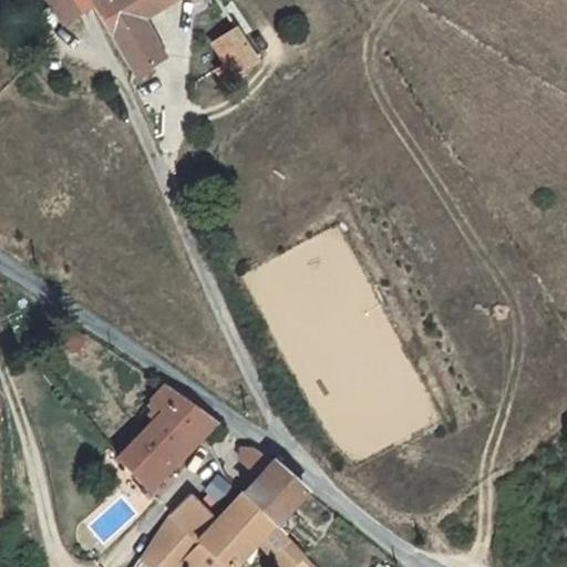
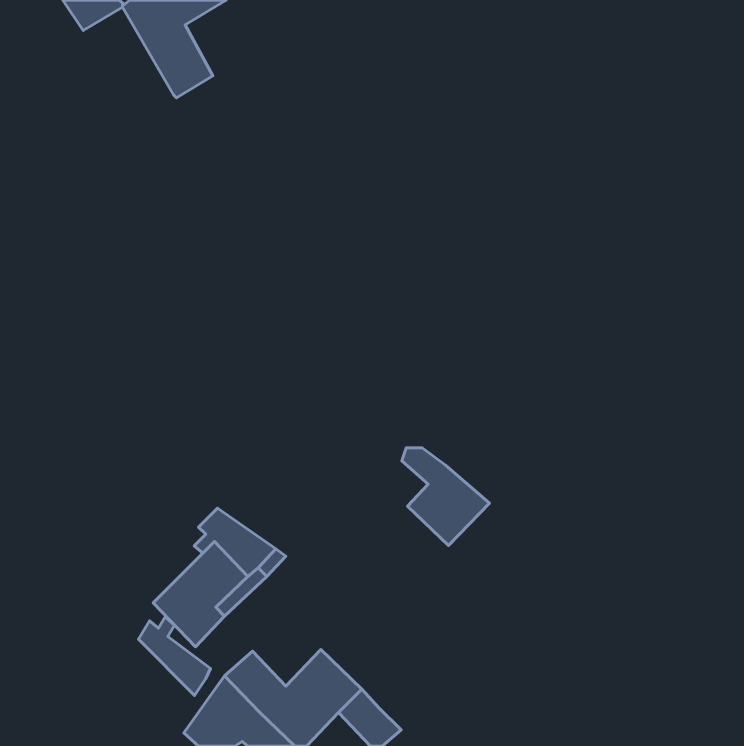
building: [215,28,260,82] -> none
building: [240,449,307,523] -> [402,448,489,546]
building: none -> [139,617,211,695]

